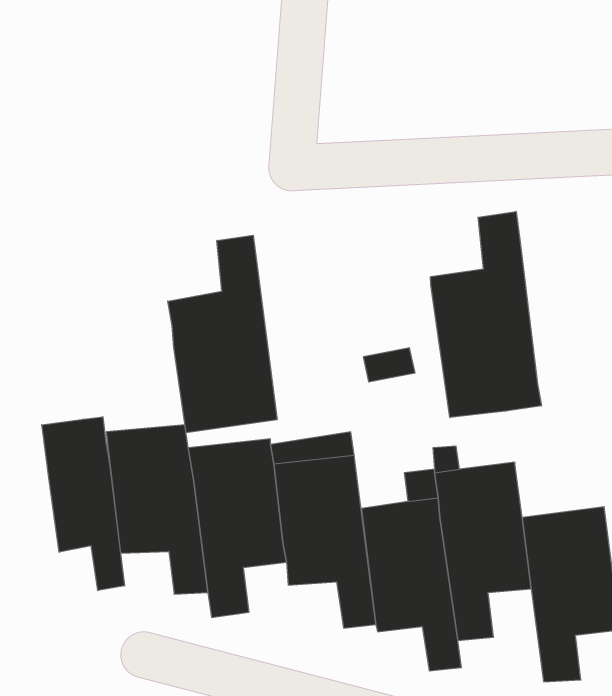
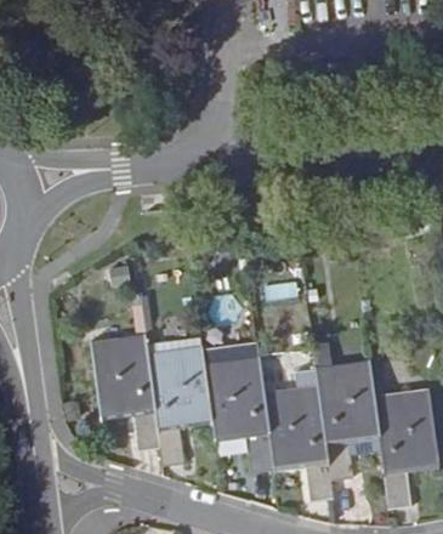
building: [431,211,541,418] -> none
building: [168,235,277,433] -> none
building: [42,417,125,591] -> none

